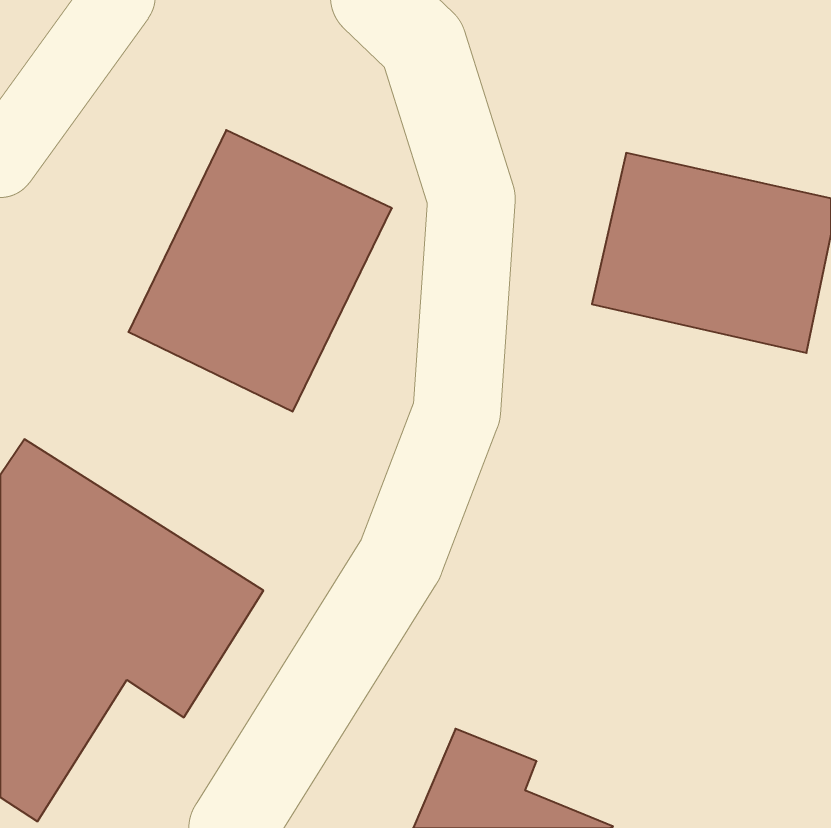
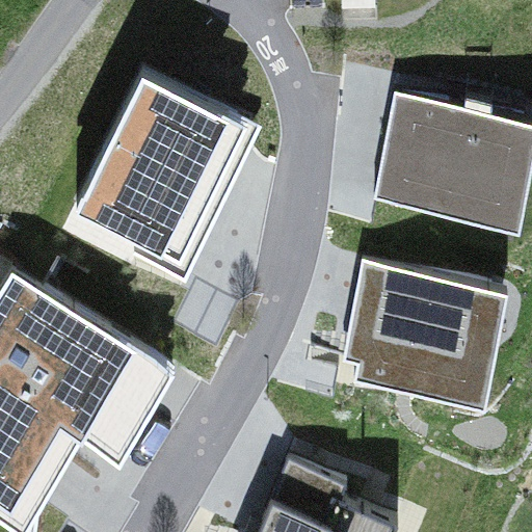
building: none -> [347,267,505,404]

